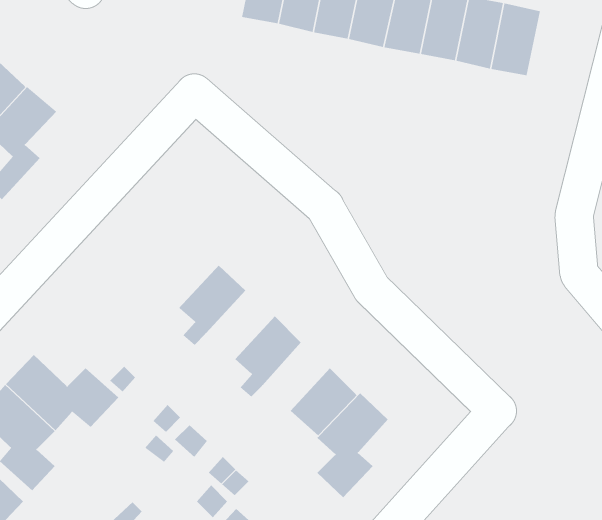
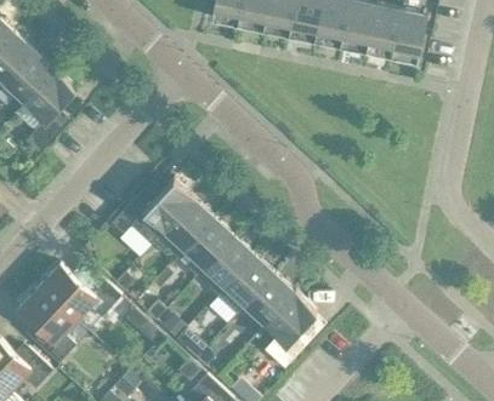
building: none -> [112,179,194,245]
building: none -> [184,218,234,276]
building: none -> [226,256,274,314]

